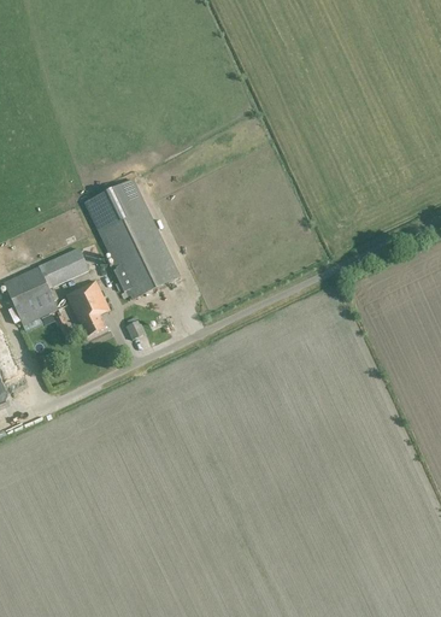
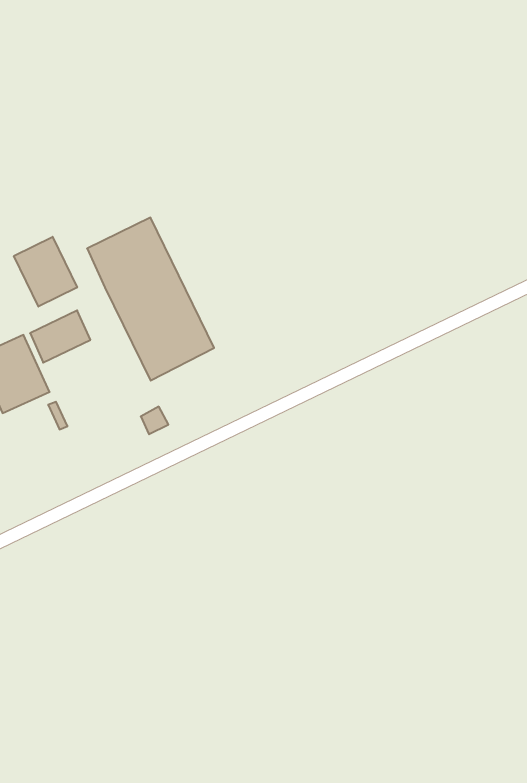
building: none -> [14,237,77,307]
building: [65,280,110,337] -> none

